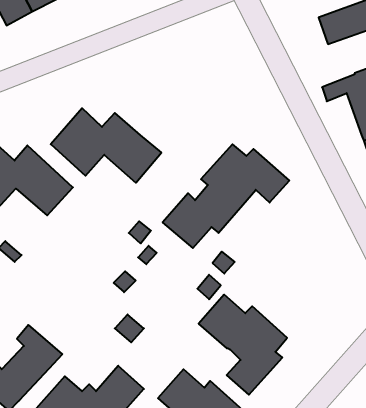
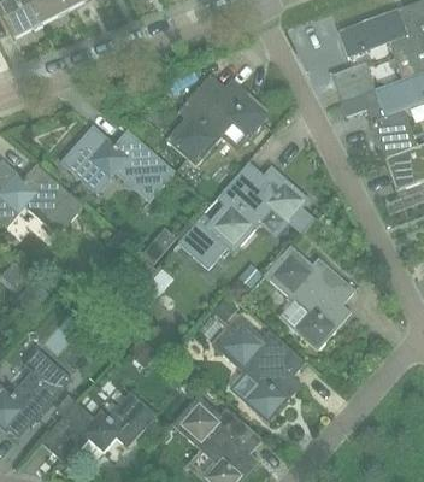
building: none -> [330,60,375,101]
building: none -> [165,74,269,164]
building: none -> [263,243,354,341]

